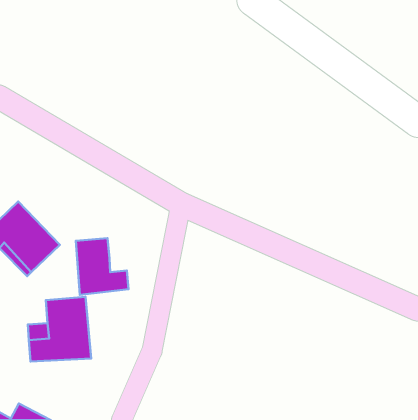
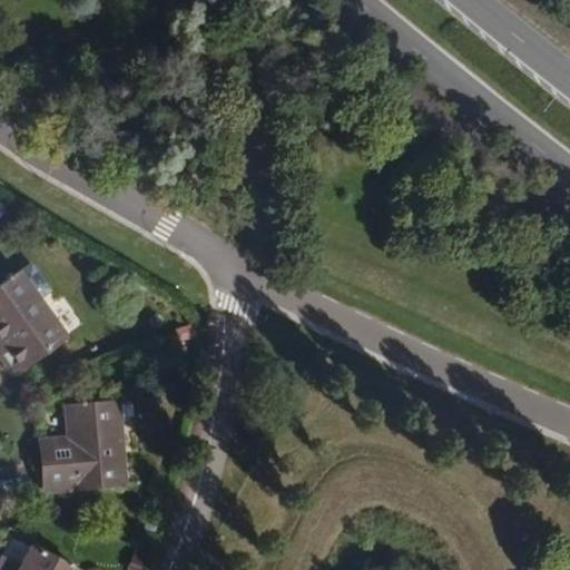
building: [76,238,128,295] -> none

